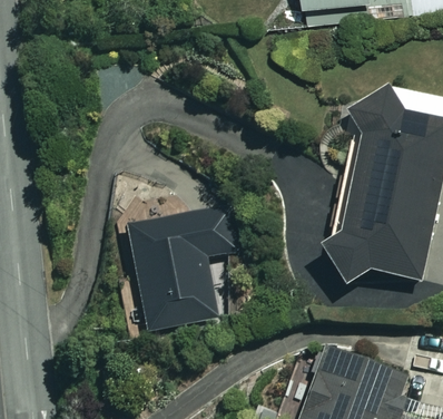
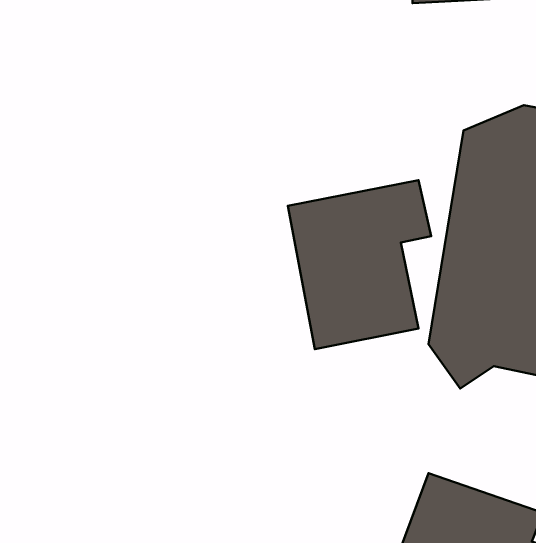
building: [126,208,226,327] -> [288,180,431,349]

